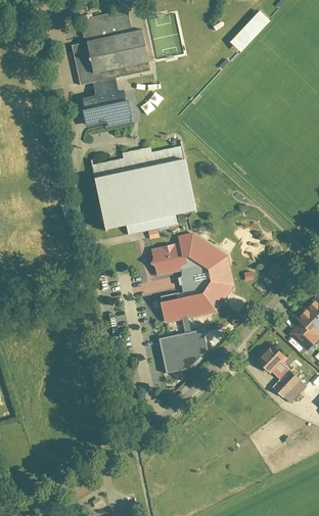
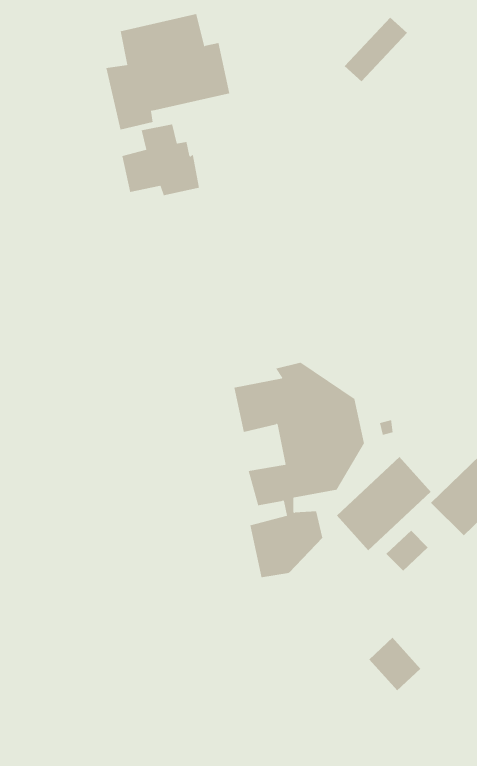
building: [90,146,194,235] -> none
building: none -> [336,456,432,551]
building: [267,365,301,400] -> [368,637,421,691]

